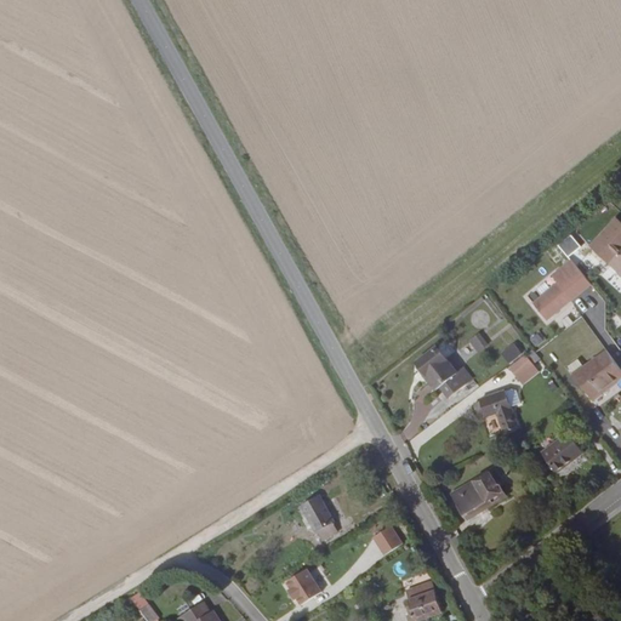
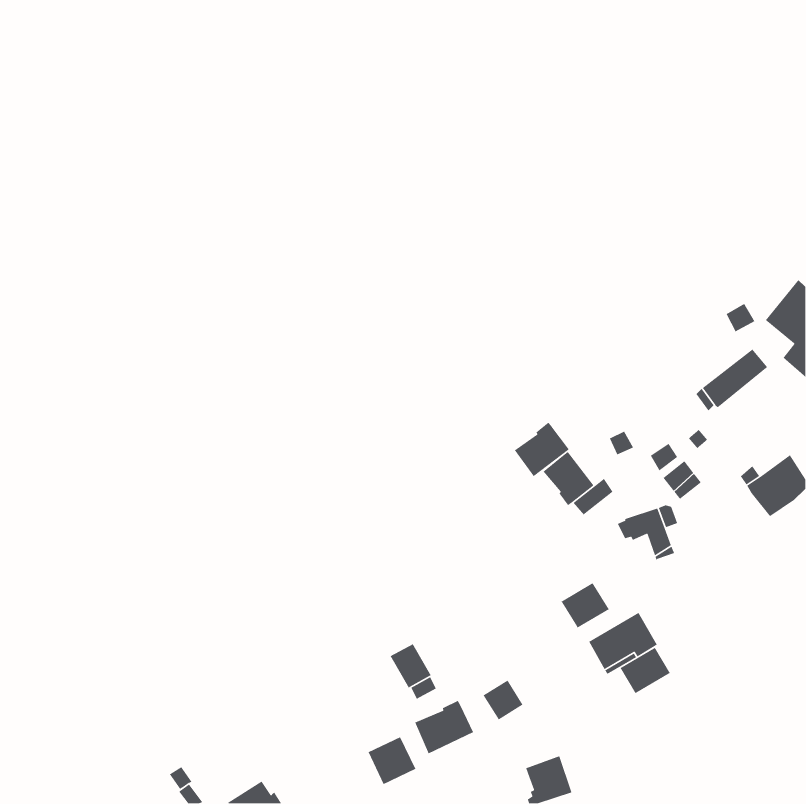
building: none -> [514,422,570,477]
building: [542,432,583,472] -> none
building: none -> [560,582,610,629]
building: none -> [620,647,671,694]
building: none -> [414,700,474,754]

